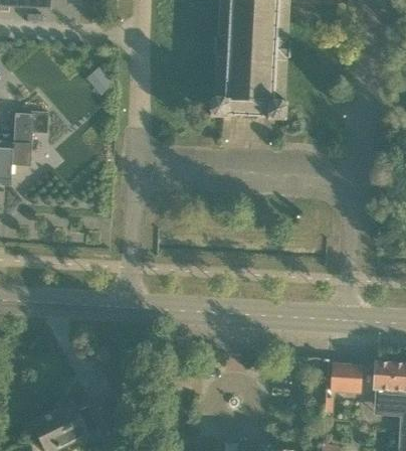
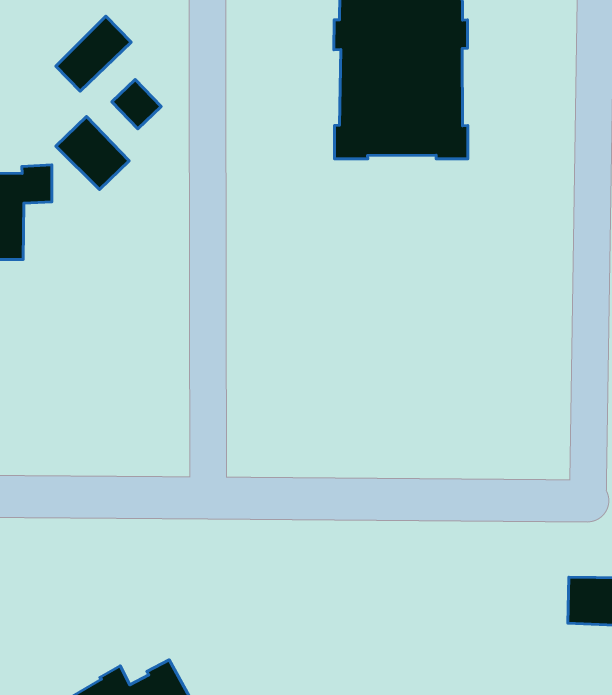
building: none -> [56,16,131,91]
building: none -> [56,116,129,190]

